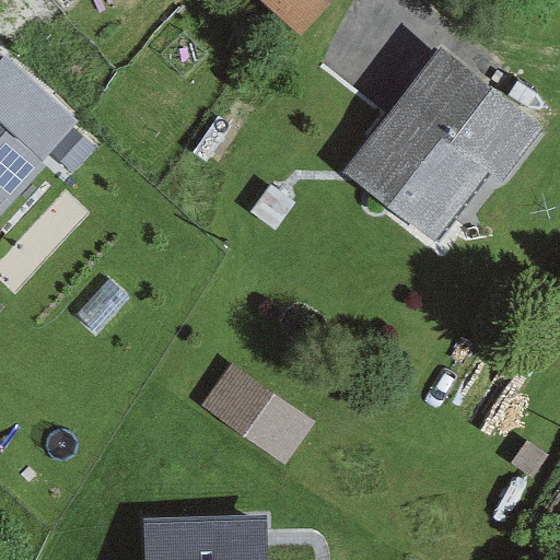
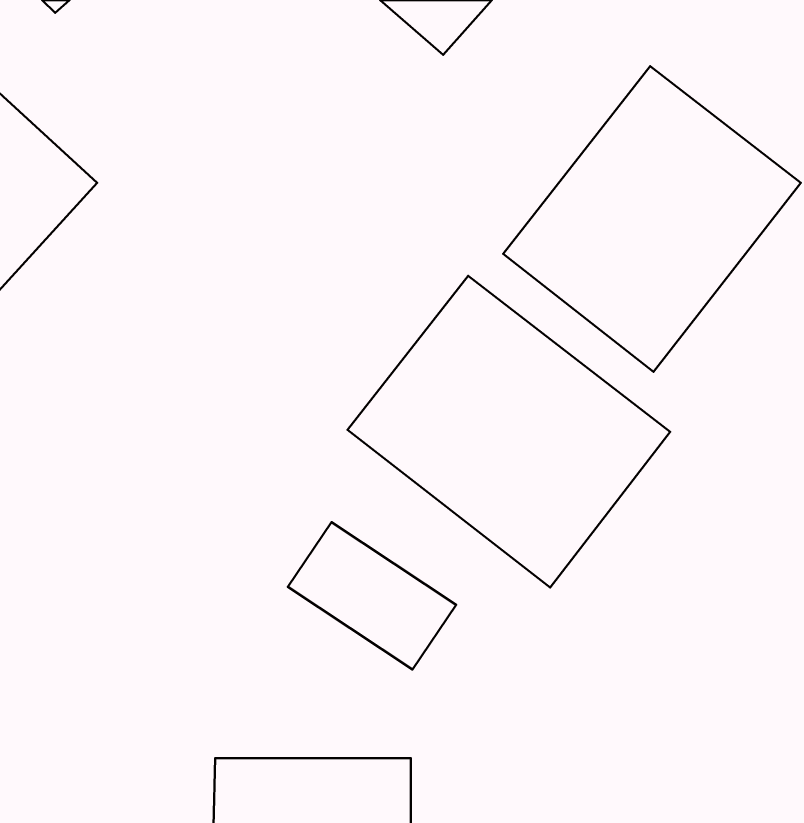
building: none -> [348,276,670,587]

